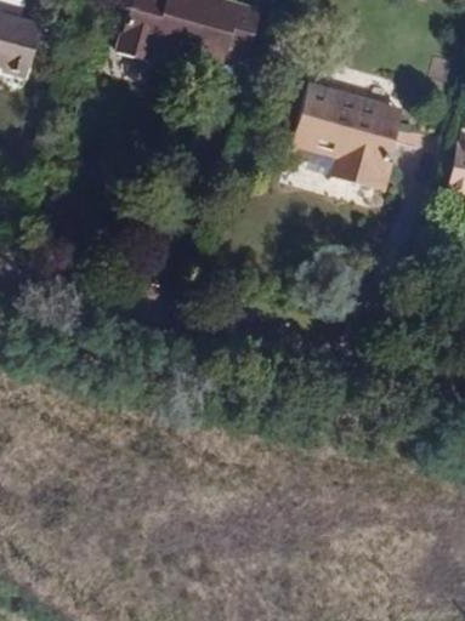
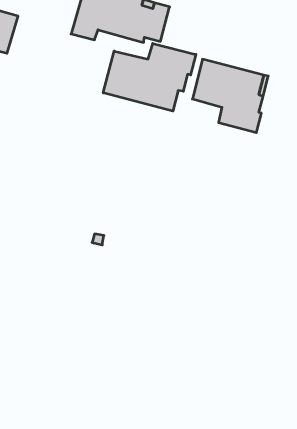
building: none -> [103,43,196,111]

